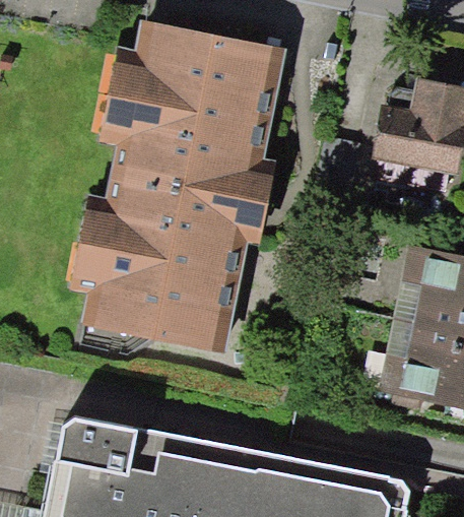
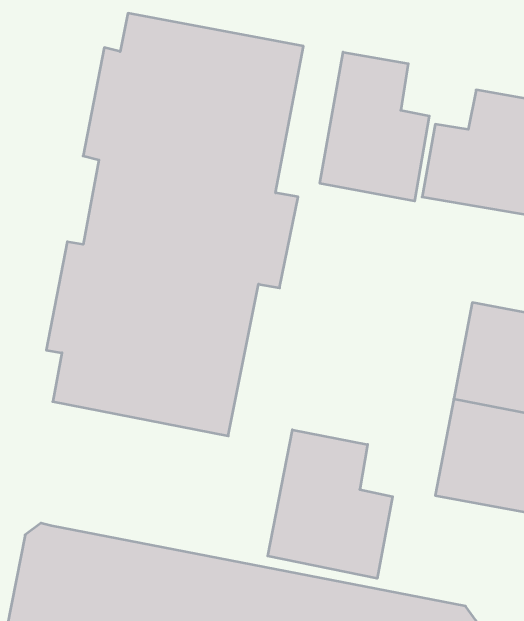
building: none -> [320,52,429,201]
building: none -> [268,430,393,578]

